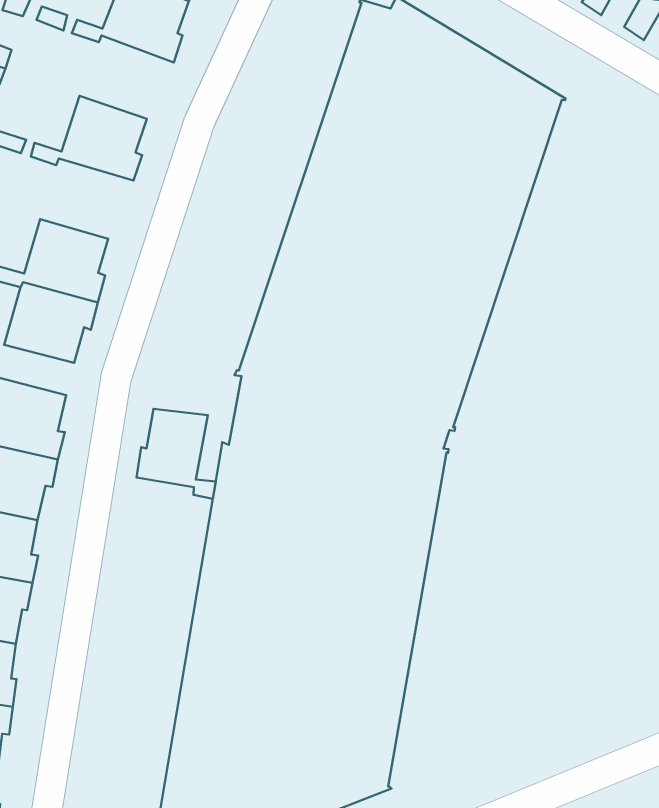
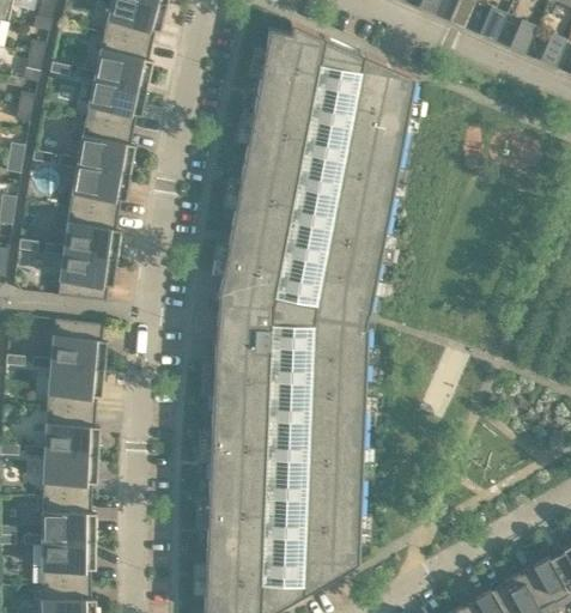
building: none -> [85,77,146,129]
building: none -> [69,164,129,214]
building: [136,409,216,499] -> none

